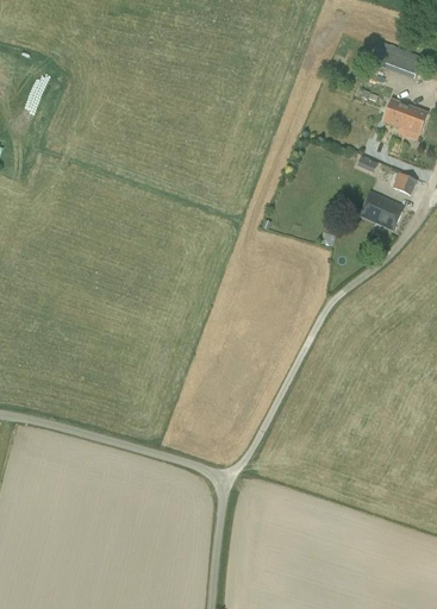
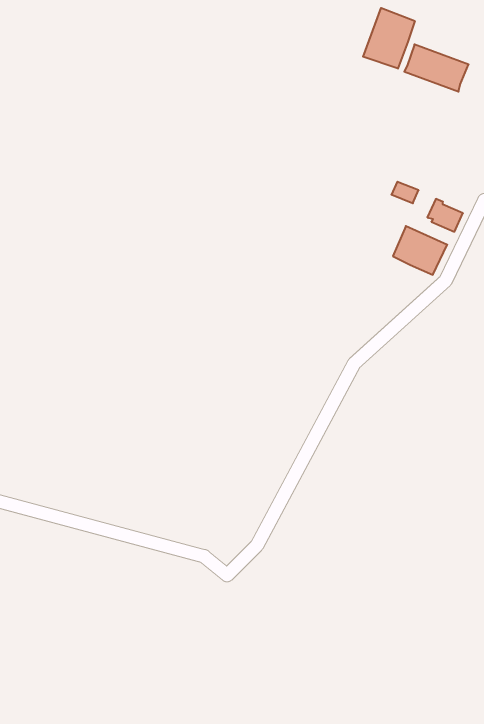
building: none -> [363,8,415,69]
building: [383,96,427,133] -> none

